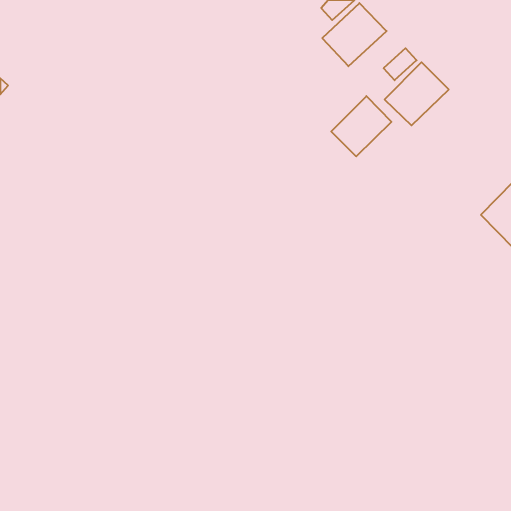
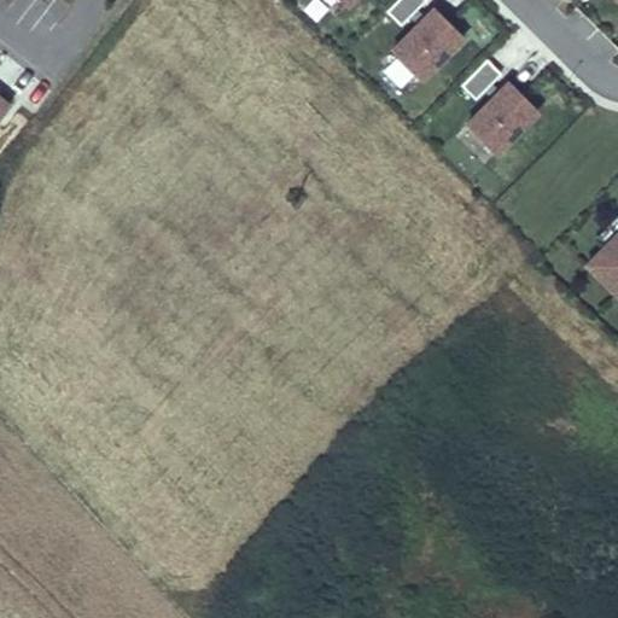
building: [331,96,391,156] -> none

